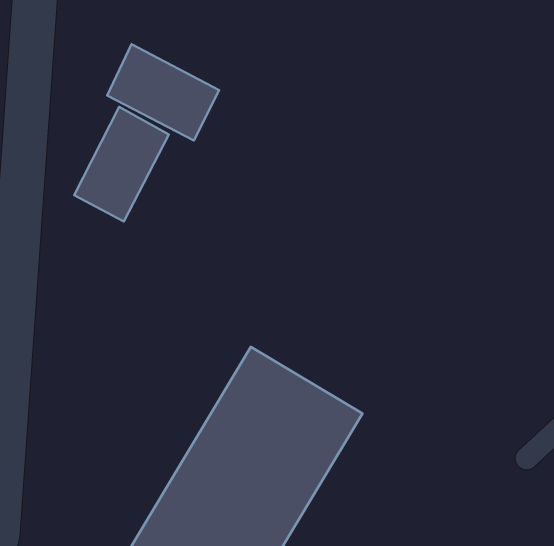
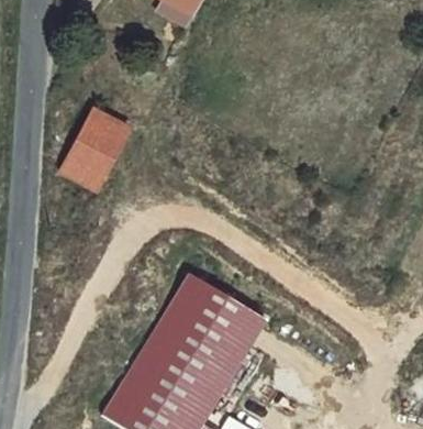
building: [107,44,219,140] -> none

